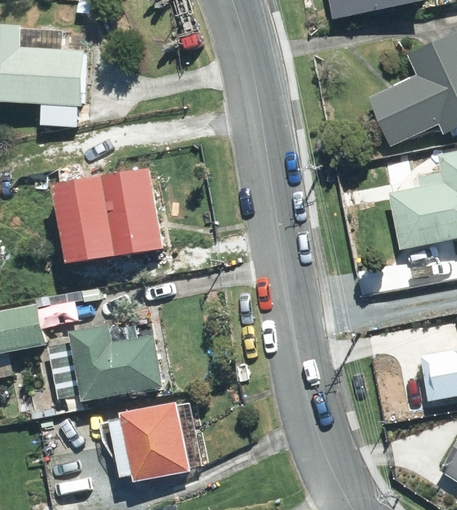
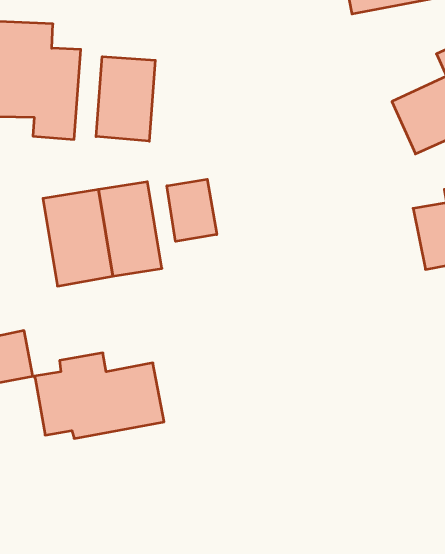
building: none -> [96,57,155,141]
building: none -> [167,179,217,241]
building: [110,401,189,483] -> none

